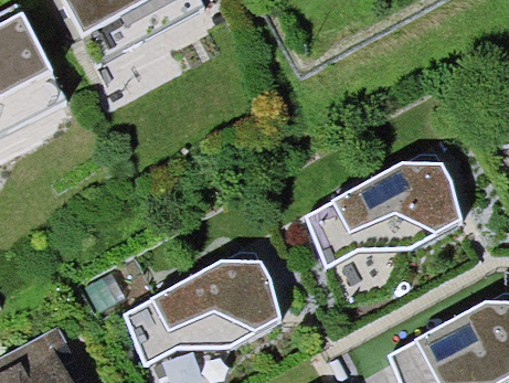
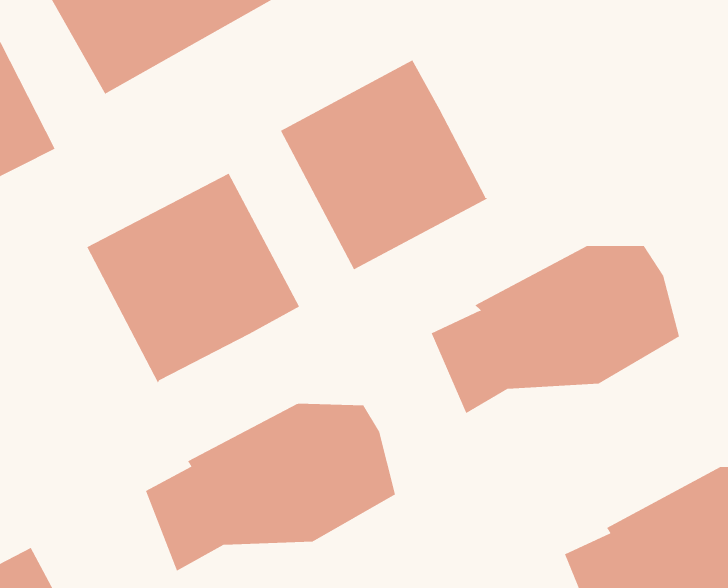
building: none -> [280,60,488,270]
building: none -> [86,173,300,384]

